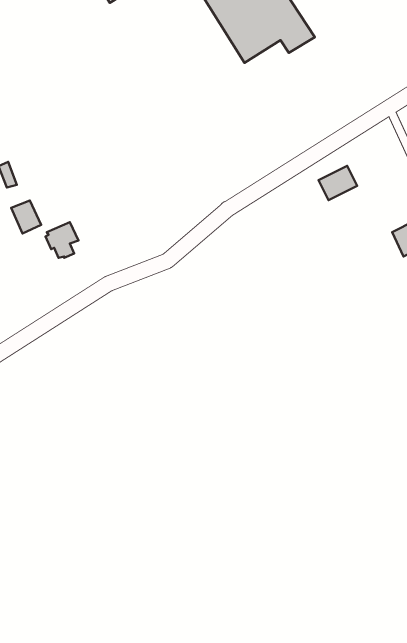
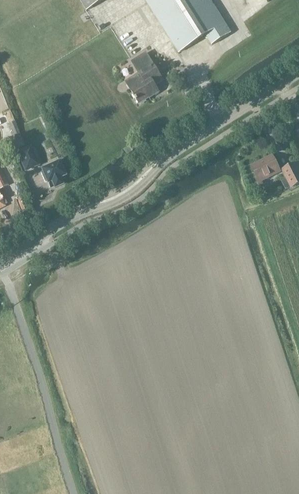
building: none -> [124,50,162,100]
building: [319,166,357,200] -> [251,153,278,177]

